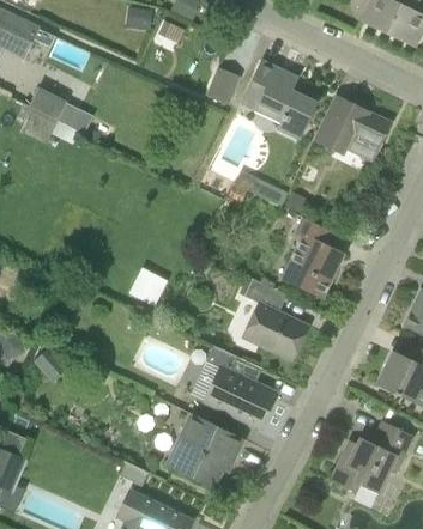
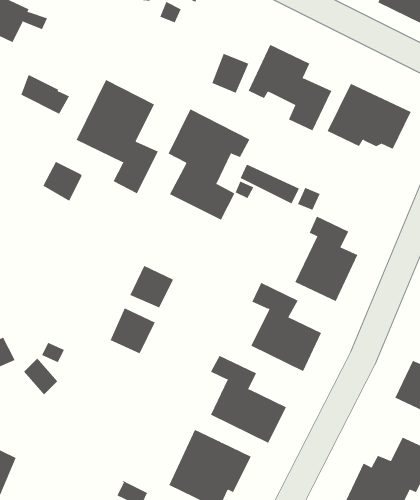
building: none -> [76,79,159,194]
building: [22,108,59,145] -> [42,161,83,202]
building: none -> [168,109,250,220]
building: none -> [110,307,155,354]

